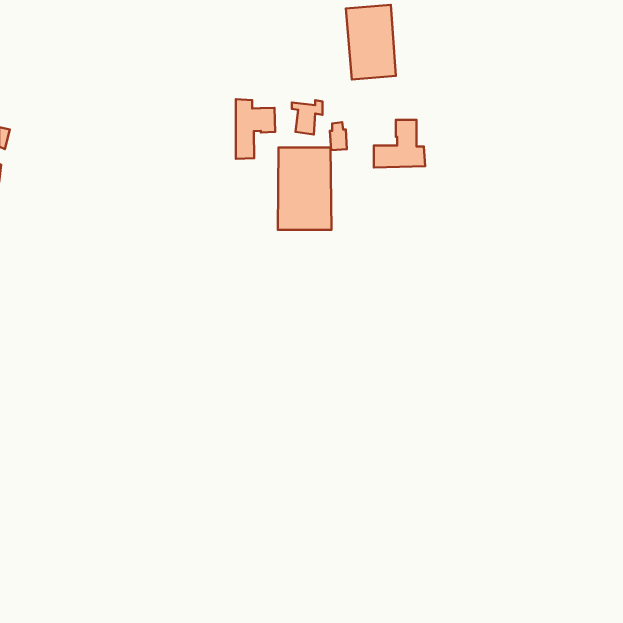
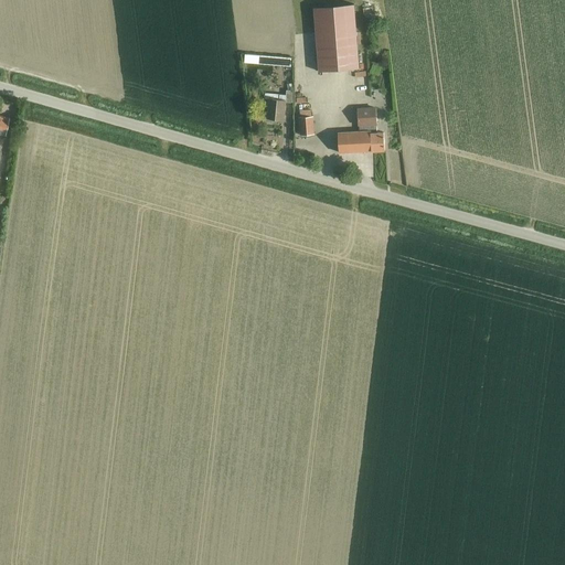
building: [236,99,275,159] -> none
building: [278,147,331,230] -> none

